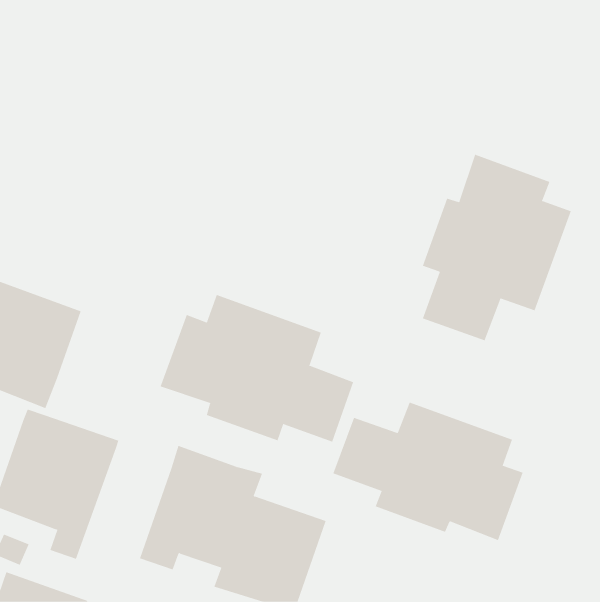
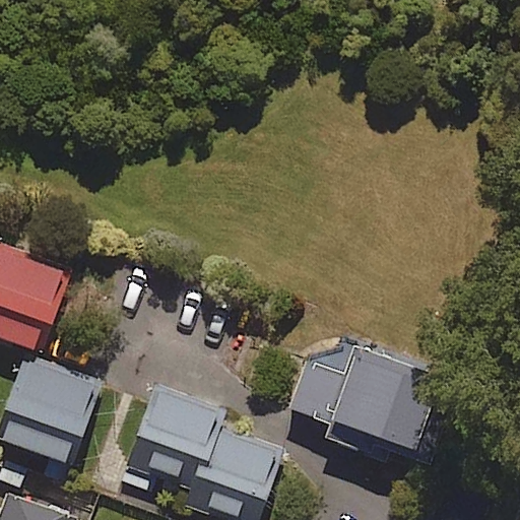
building: [422,154,571,341] -> none
building: [160,294,354,442] -> none

